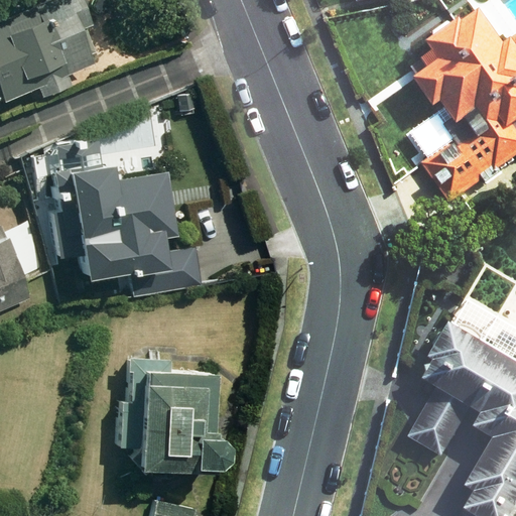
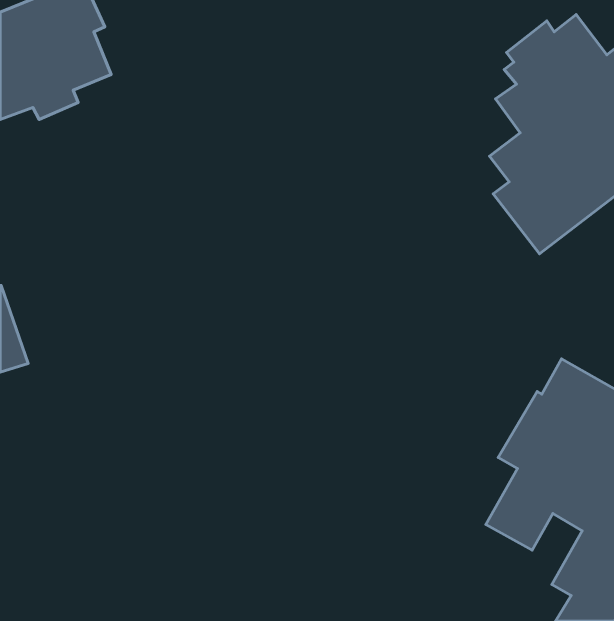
building: [57,169,206,288] -> none
building: [117,352,224,471] -> none

